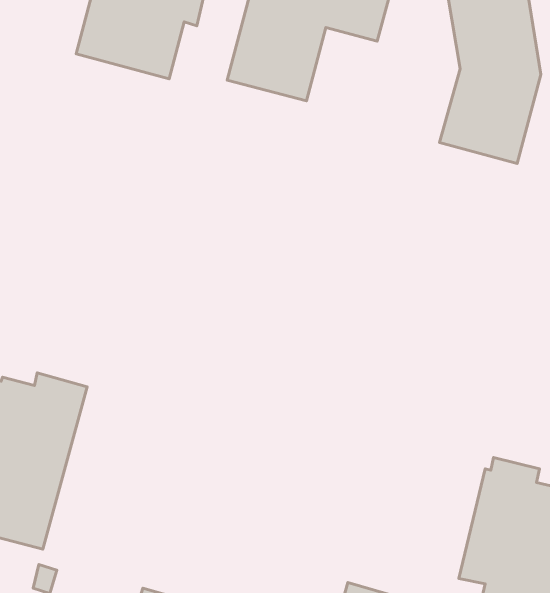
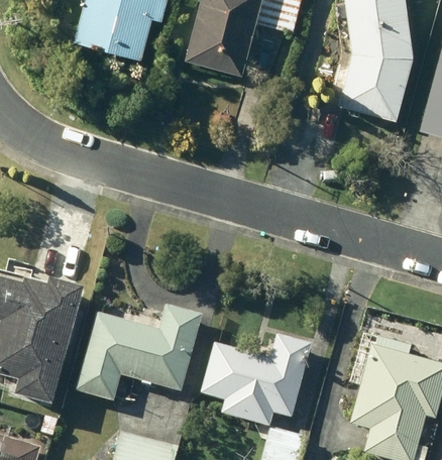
building: none -> [75,301,204,400]
building: none -> [201,333,311,425]

